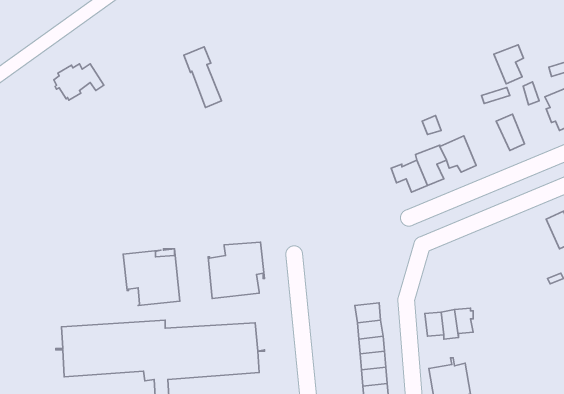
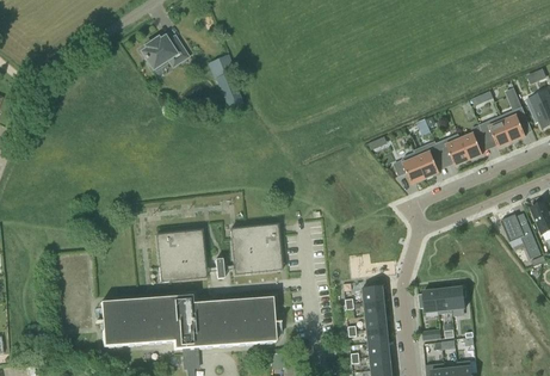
building: [494,45,524,84] -> [500,105,526,140]
building: [54,64,104,100] -> [142,36,186,68]
building: none -> [457,128,487,159]
building: none -> [500,212,540,257]

